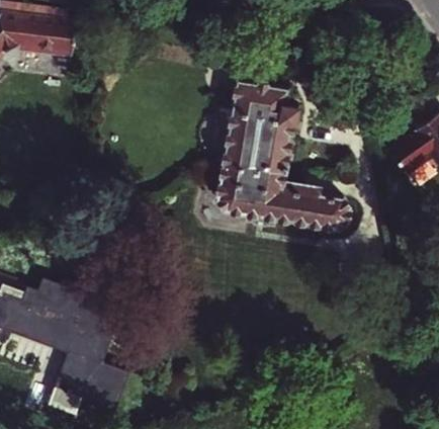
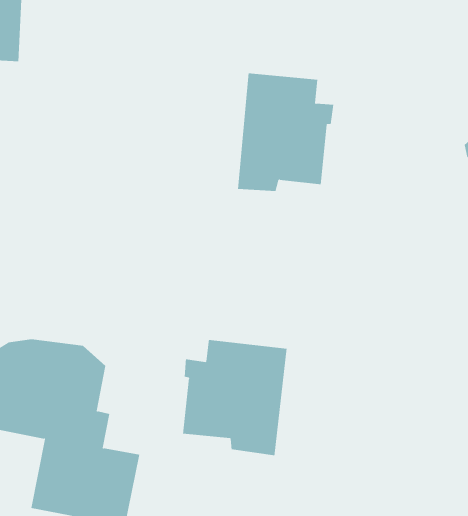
building: [216,163,348,231] -> none
building: none -> [183,339,287,456]

